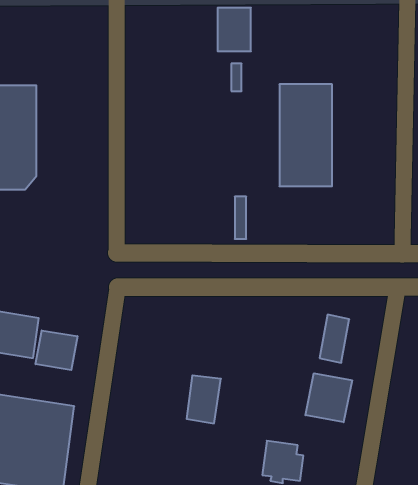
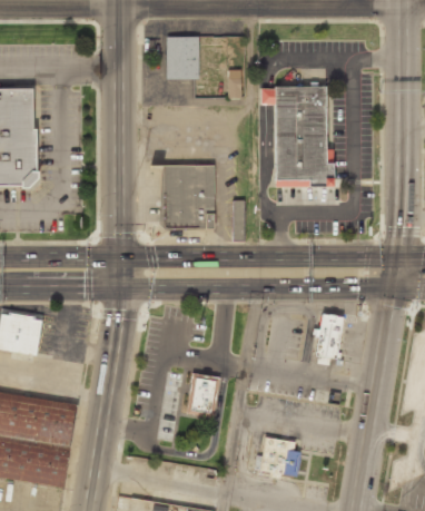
building: [218,8,251,51] -> [165,36,197,78]
building: none -> [165,167,214,228]
building: [36,330,77,370] -> none
building: [305,373,352,422] -> none

